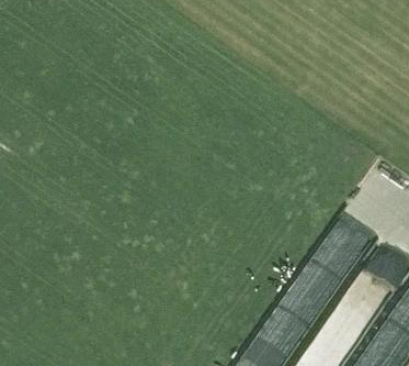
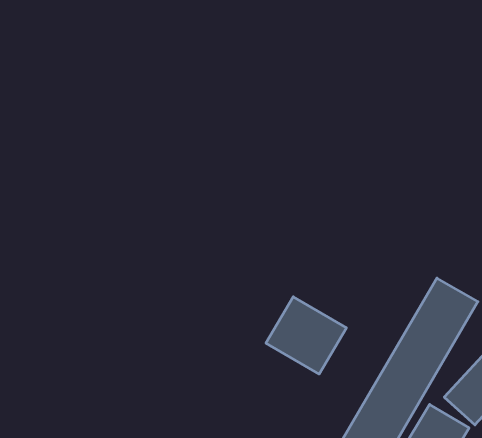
building: none -> [266,297,346,374]

